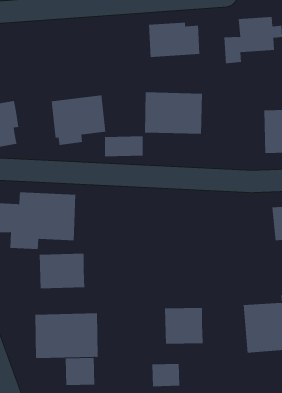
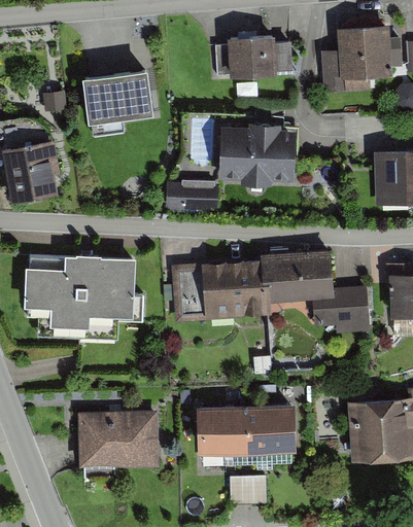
building: [51,95,106,145] -> [82,67,153,132]
building: none -> [172,250,370,336]
building: [39,253,85,289] -> none
building: none -> [197,405,247,452]
building: [65,357,95,386] -> none

